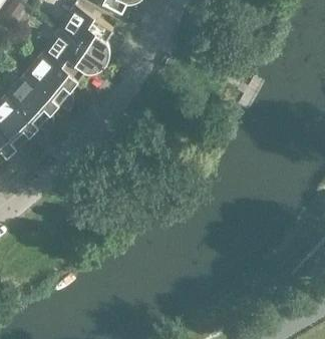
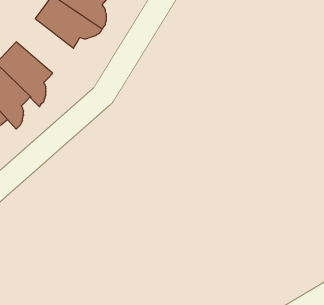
building: [24,51,78,111] -> none

